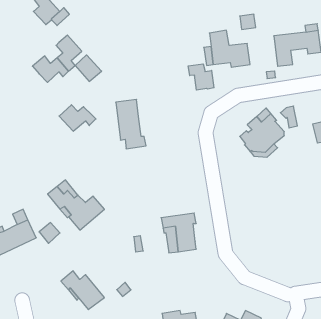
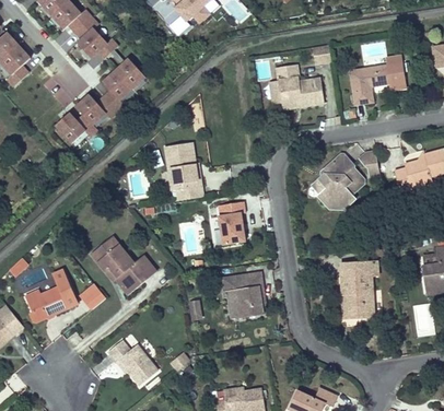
building: [75,55,102,81] -> [114,57,144,87]
building: [188,64,214,90] -> none
building: [59,105,96,131] -> [52,111,95,142]
building: none -> [219,201,246,244]
building: none -> [340,262,378,318]

